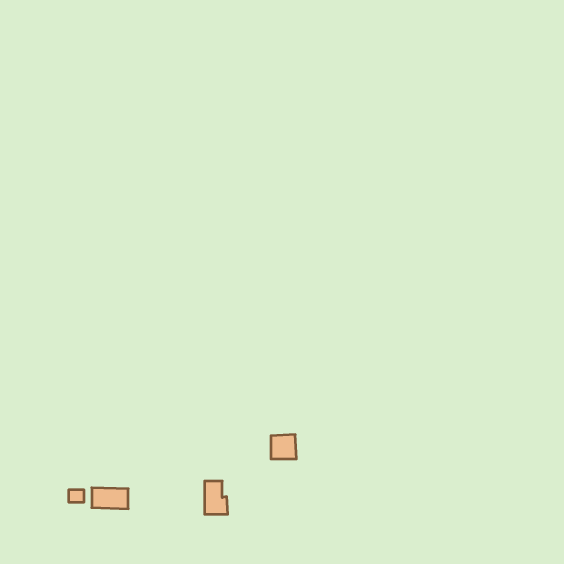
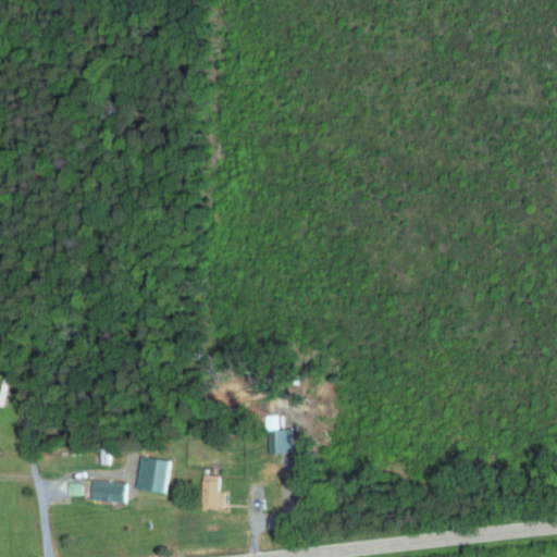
building: none -> [136,455,173,493]

